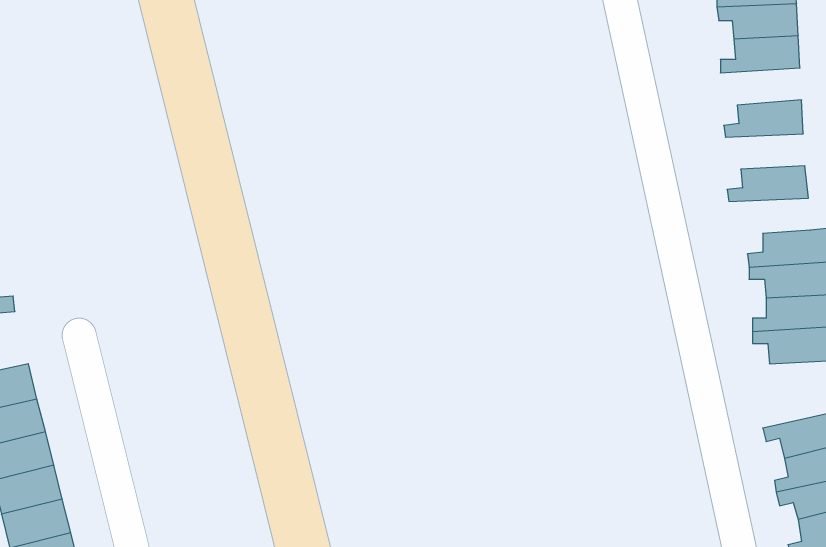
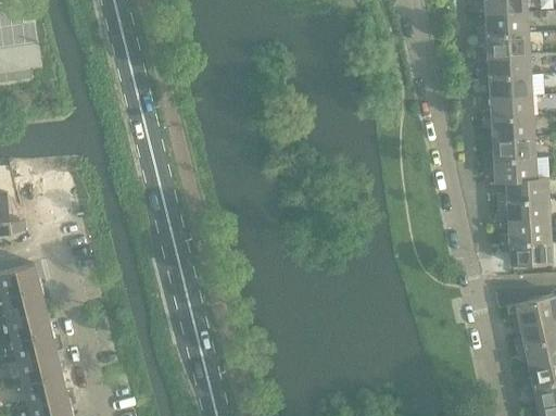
building: none -> [479,76,531,100]
building: none -> [482,118,533,141]
building: none -> [484,160,536,184]

